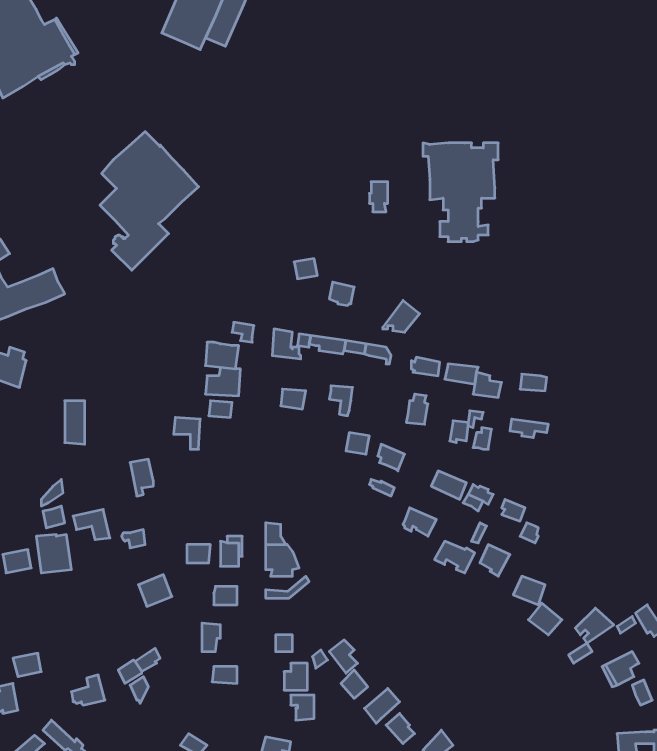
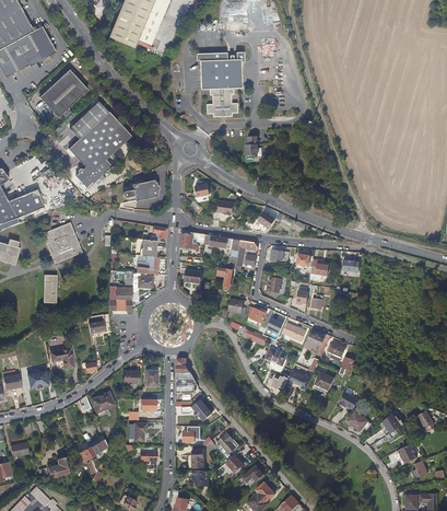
building: none -> [38,69,86,117]
building: [423,143,498,242] -> [195,50,244,115]
building: none -> [129,182,161,201]
building: none -> [44,224,84,265]

